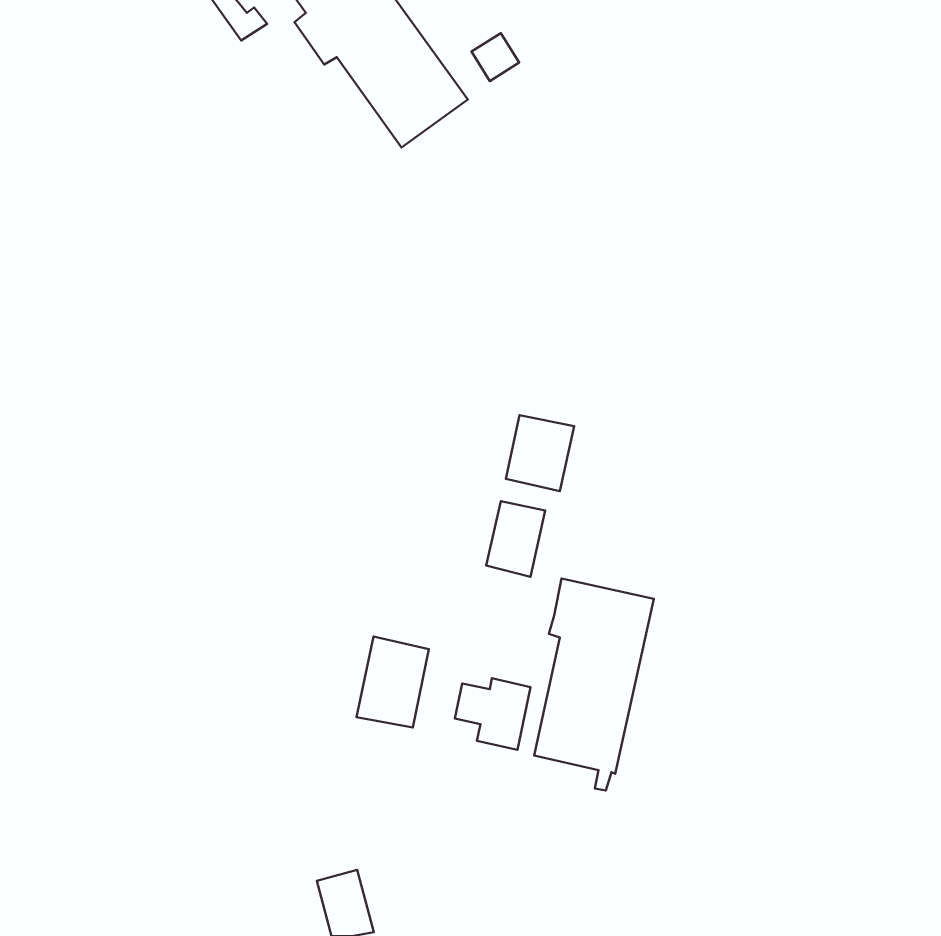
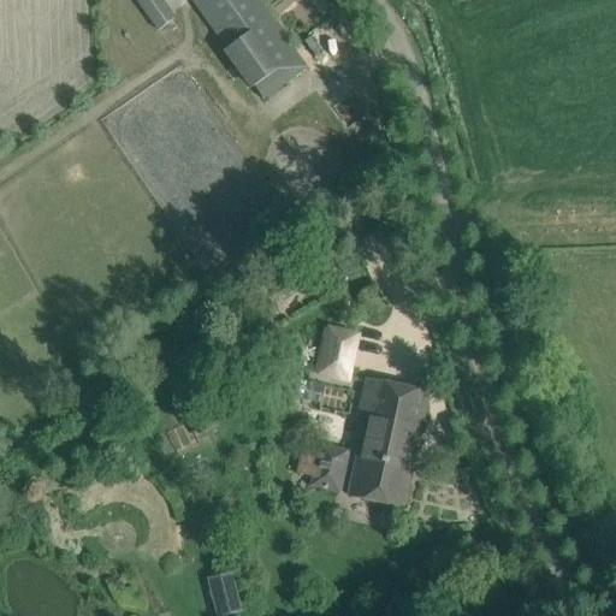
building: [506,415,574,491] -> none
building: [357,637,429,728] -> none

